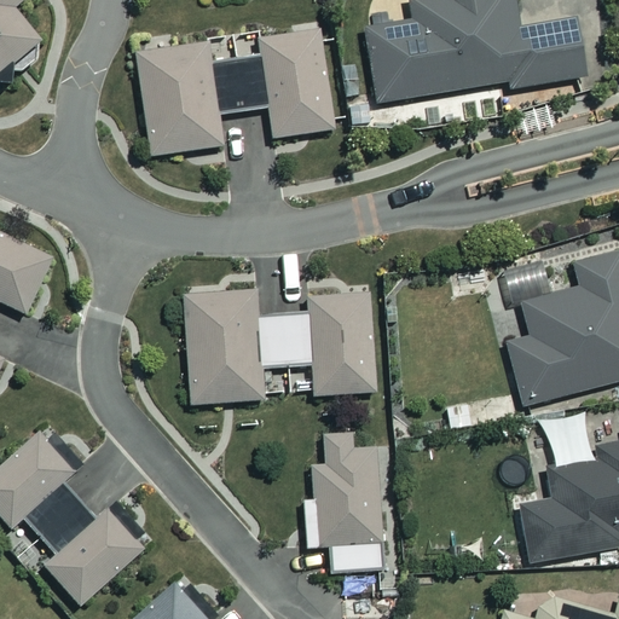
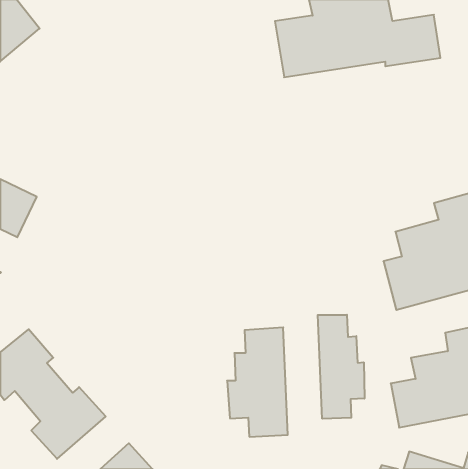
building: [134,29,334,155] -> none
building: [184,289,376,403] -> none
building: none -> [318,315,364,419]

